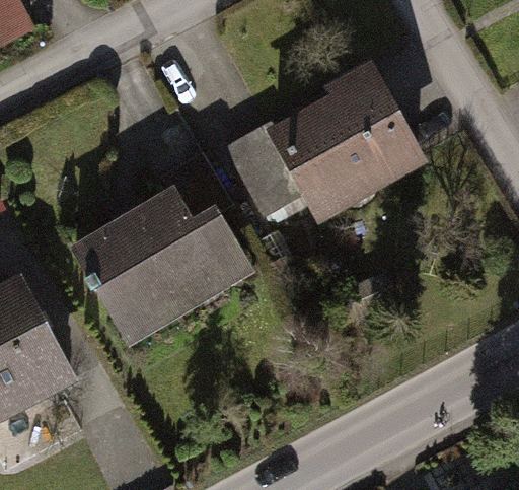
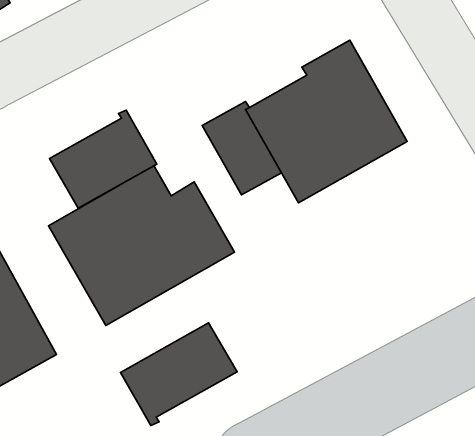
building: none -> [49,110,157,208]
building: none -> [120,323,237,426]

